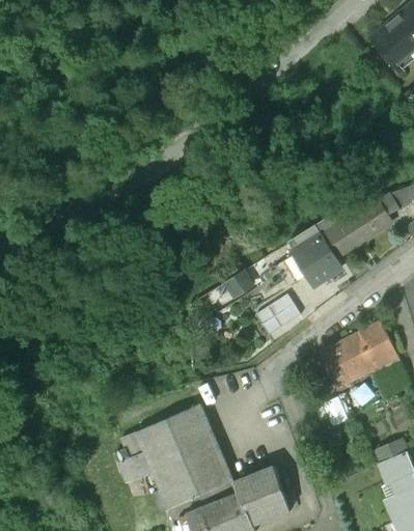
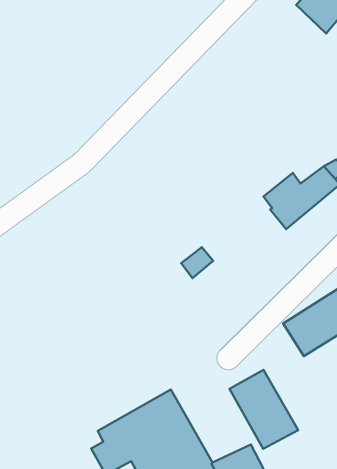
building: [285,227,338,287] -> none
building: [257,292,303,332] -> none
building: none -> [229,370,298,449]

